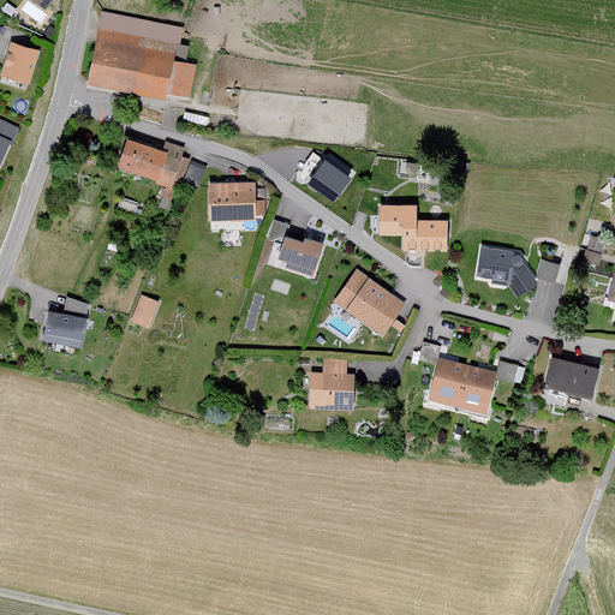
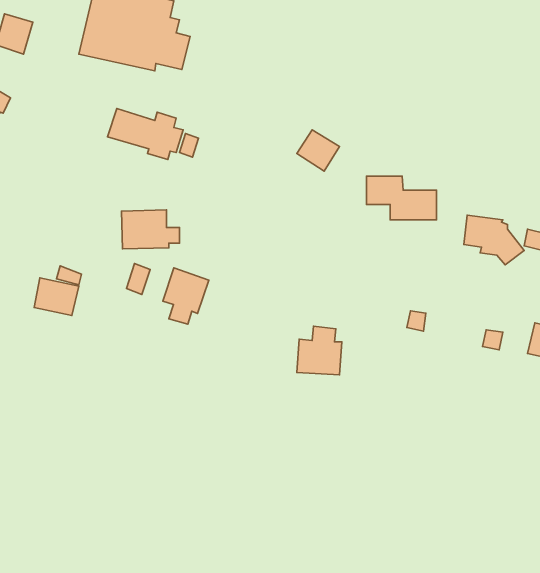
building: [208,183,267,222] -> [121,210,179,249]
building: [270,221,321,276] -> none
building: [334,269,407,336] -> none
building: none -> [163,268,209,324]
building: [429,359,494,412] -> none

